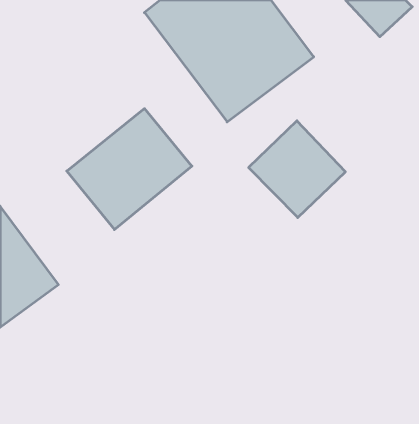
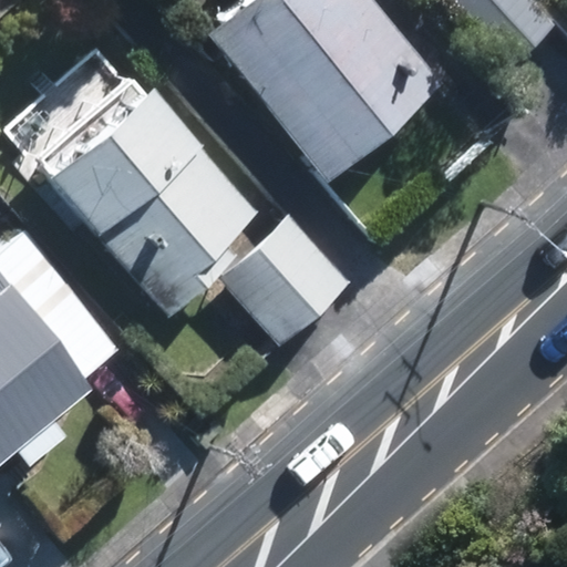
building: none -> [27,64,187,220]
building: [249,121,345,218] -> [220,214,349,342]

